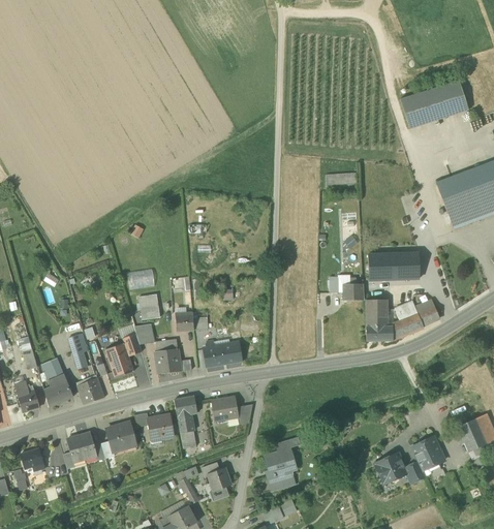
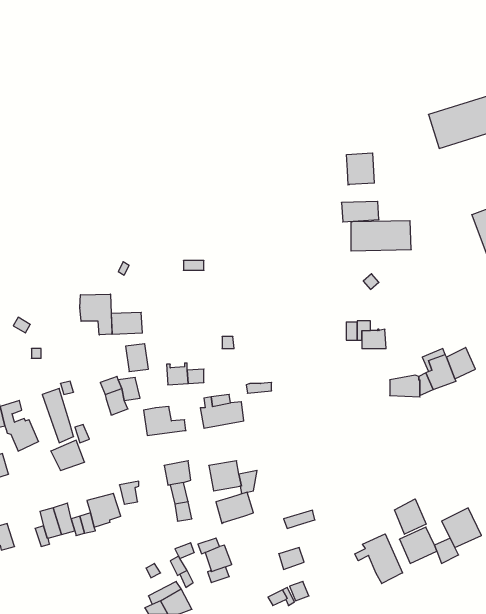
building: none -> [347,153,374,185]
building: none -> [80,294,112,335]
building: [367,253,419,279] -> [351,221,411,251]
building: [365,299,388,325] -> none
building: [104,342,133,376] -> none
building: [43,378,73,405] -> none
building: [148,414,174,442] -> none
building: none -> [394,499,426,534]
building: [265,448,297,475] -> [216,492,253,524]
building: none -> [355,534,403,584]

